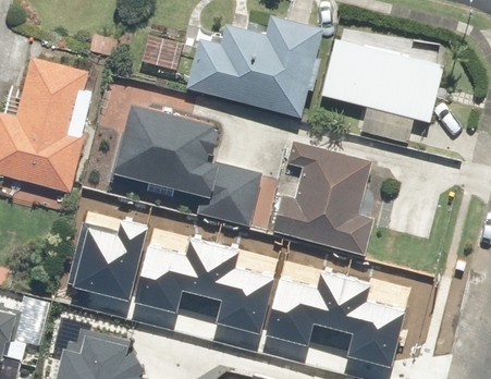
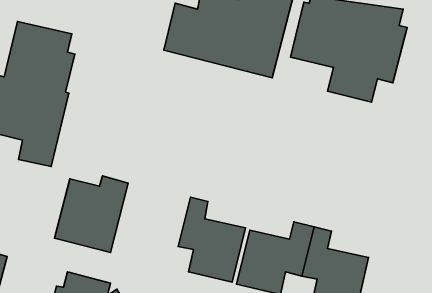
building: [113,102,261,228] -> none
building: [272,142,375,256] -> none
building: [131,241,213,318] -> none

